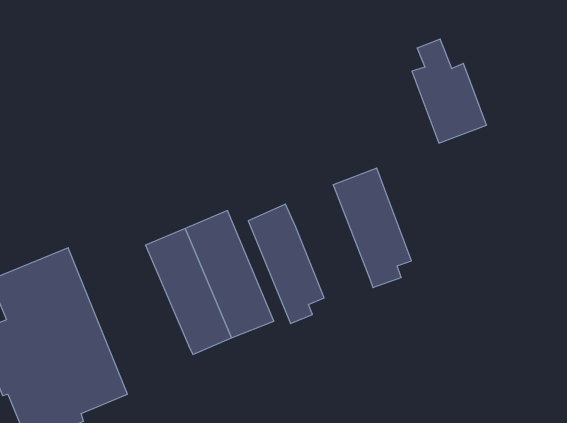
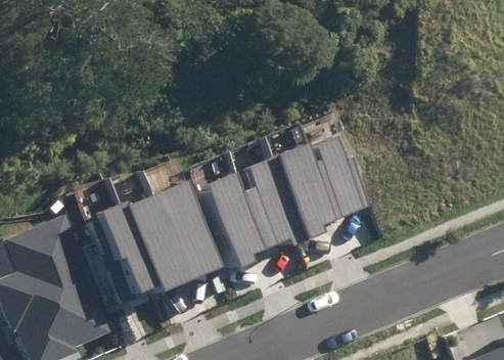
building: [412,39,487,143] -> [314,137,373,220]
building: none -> [243,160,303,250]
building: none -> [84,206,158,306]

